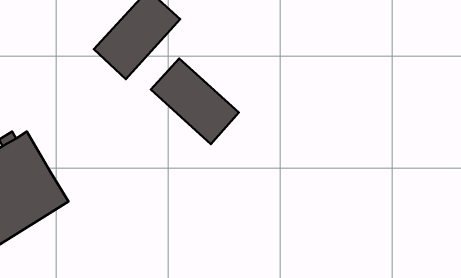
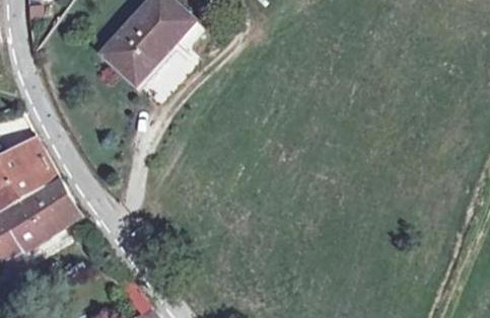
building: [151,58,239,144] -> none

